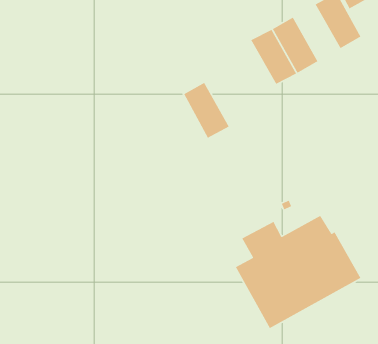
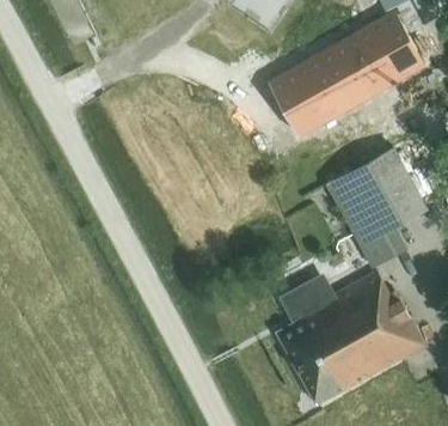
building: none -> [345,25,400,92]
building: [183,82,230,139] -> [270,67,325,134]
building: none -> [327,148,428,268]

